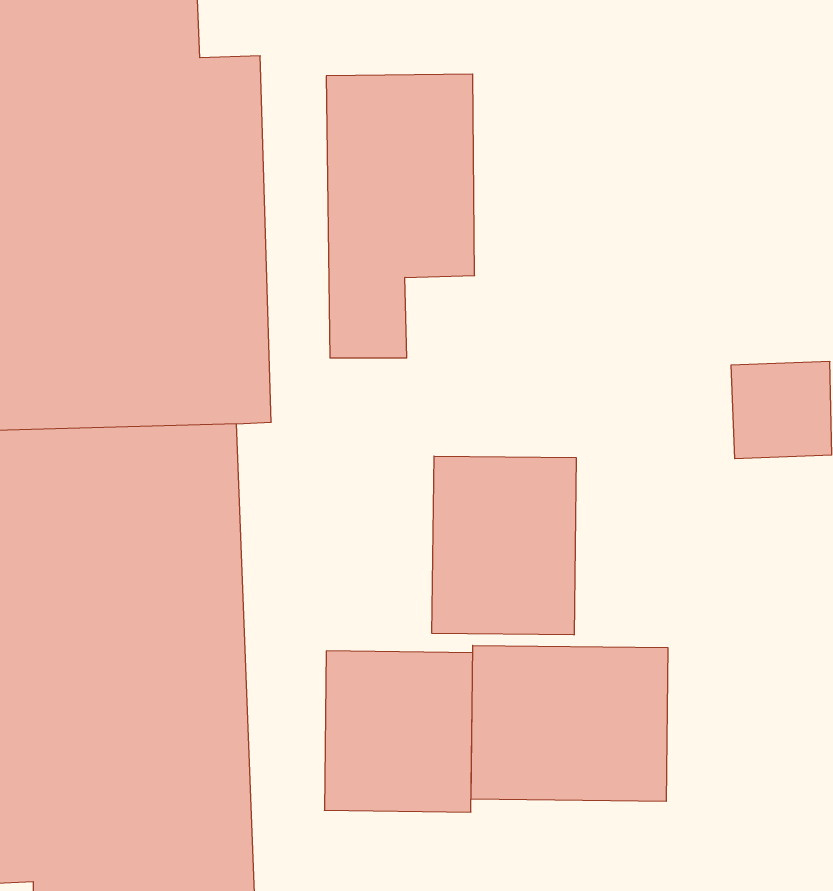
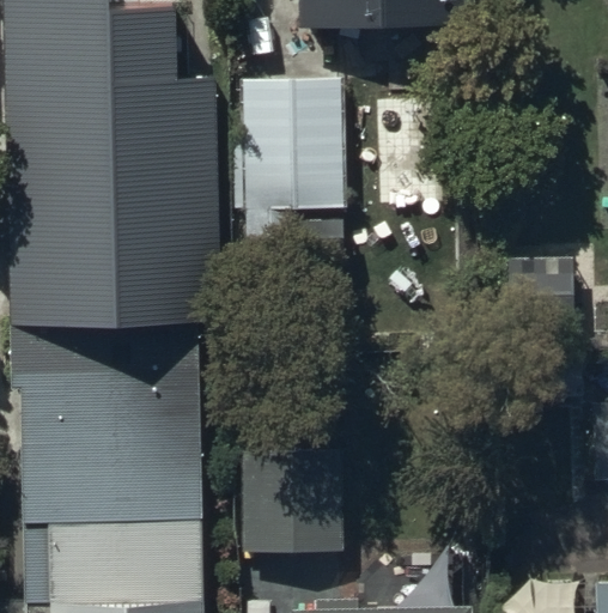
building: [432,456,576,635] -> none
building: [471,645,668,801] -> none

